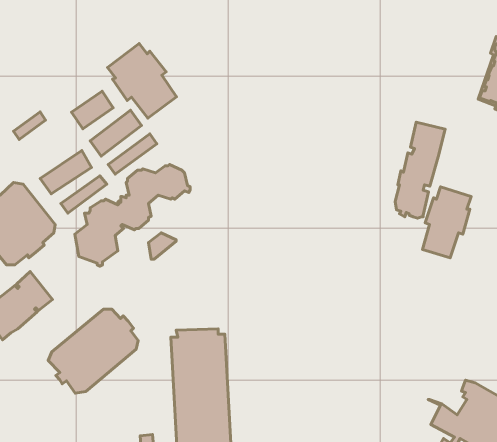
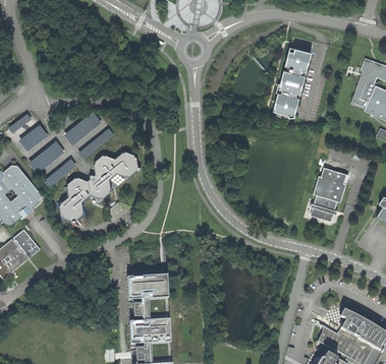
building: [107,44,177,118] -> none
building: [72,91,113,129] -> [21,123,52,150]
building: [395,122,445,218] -> [274,47,311,117]
building: [48,309,138,393] -> none

